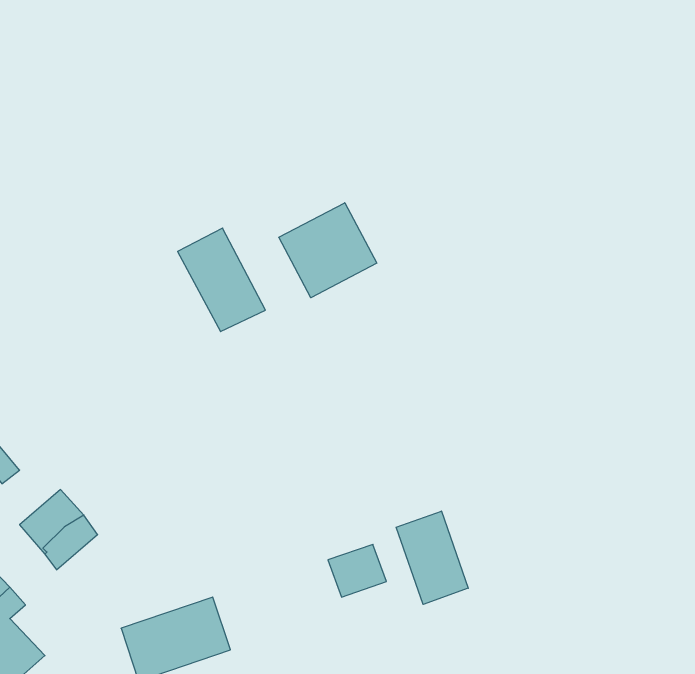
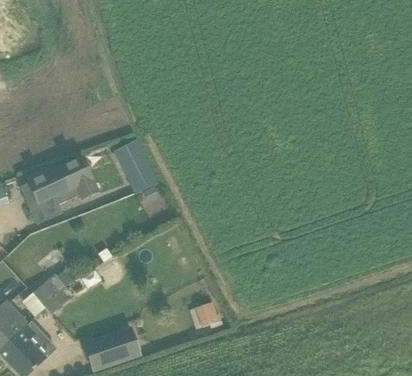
building: [279,203,377,298] -> none
building: none -> [28,158,98,204]
building: [396,511,468,604] -> none

